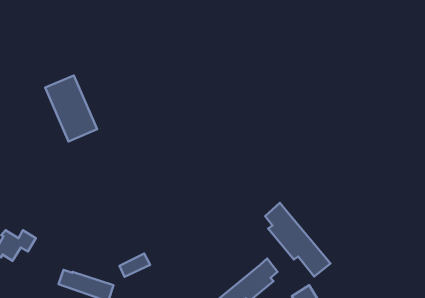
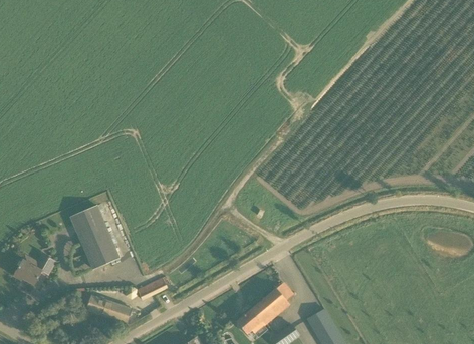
building: [45,75,97,141] -> [69,206,121,271]
building: [265,203,330,277] -> none

